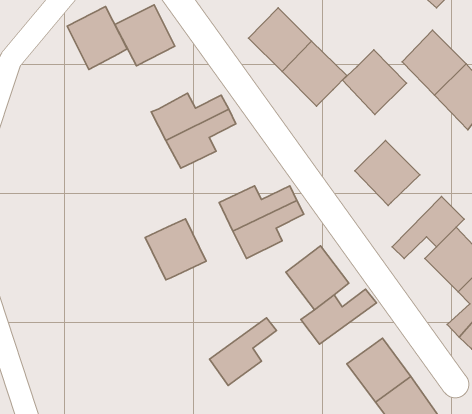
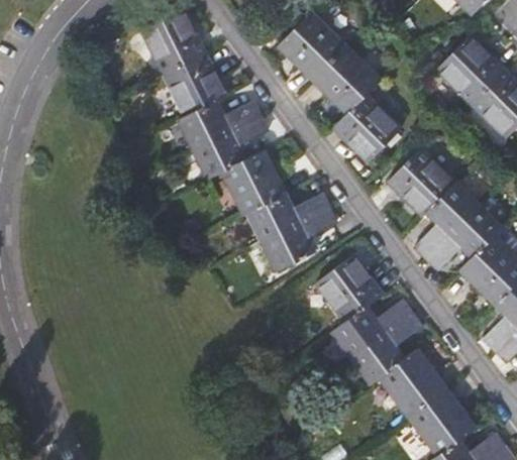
building: [67,6,127,69] -> [164,51,225,116]
building: [342,50,406,115] -> [333,96,399,162]
building: none -> [415,184,477,257]
building: [145,219,206,280] -> [222,151,285,214]
building: [210,318,276,386] -> [351,315,420,384]

